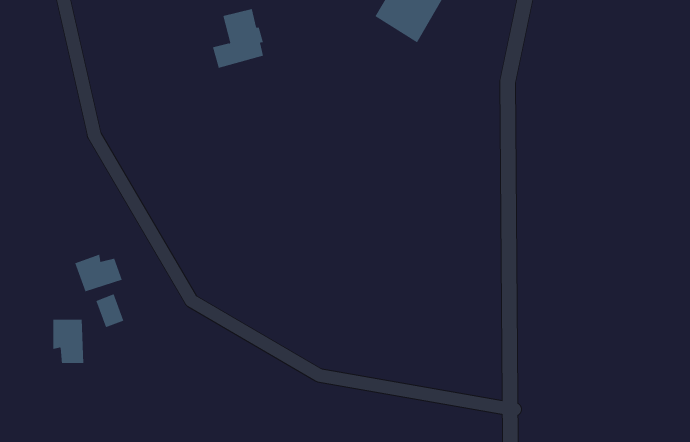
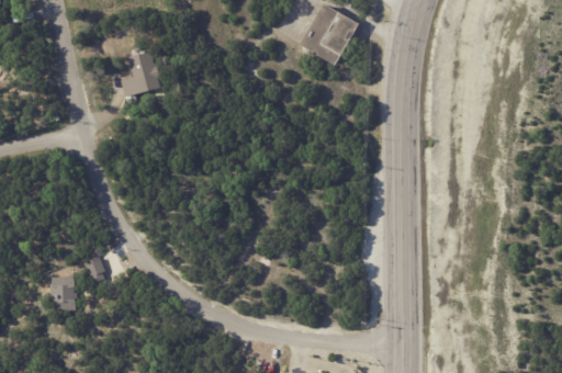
building: [212,9,264,69] -> [121,50,160,97]
building: [74,254,123,292] -> none

